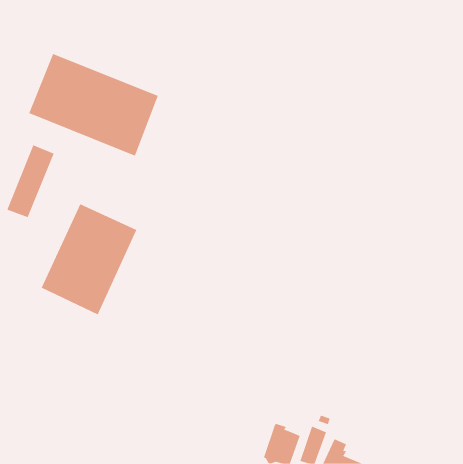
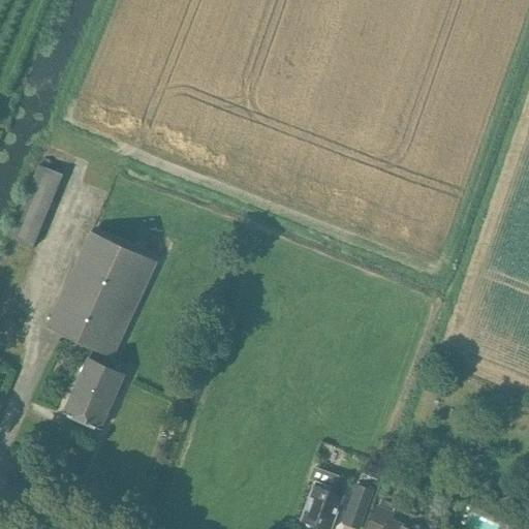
building: [29,53,159,157] -> none
building: none -> [62,357,124,430]

